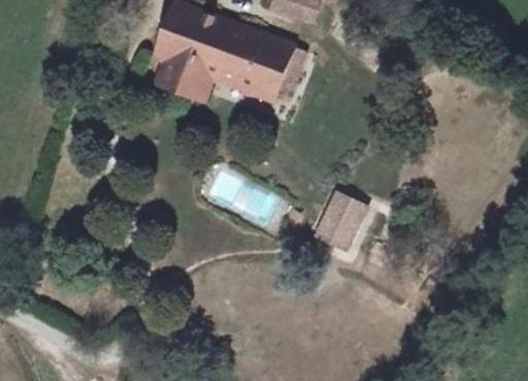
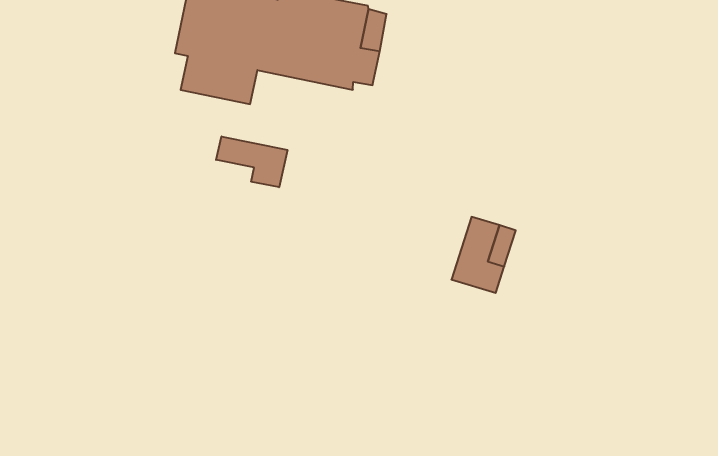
building: none -> [216,136,287,187]

